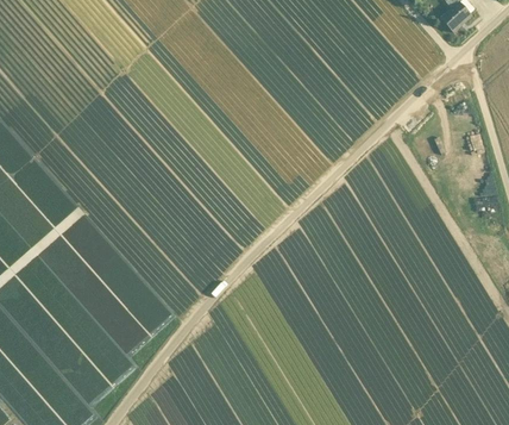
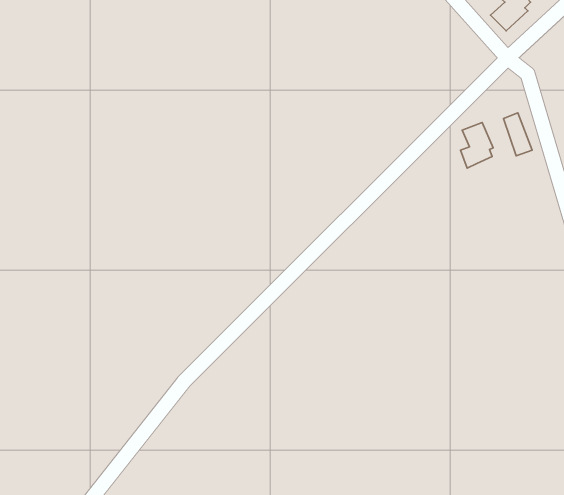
building: none -> [460,122,493,168]

